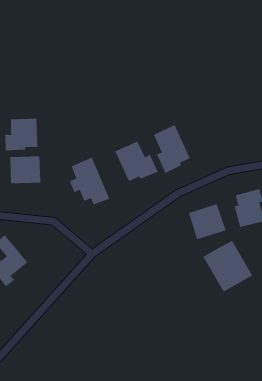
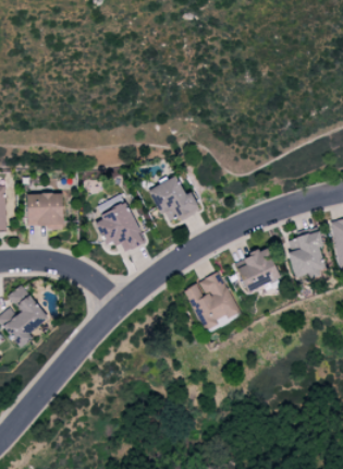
building: [5,118,38,151] -> none
building: [153,124,190,174] -> none
building: [203,240,253,292] -> [183,272,242,333]

